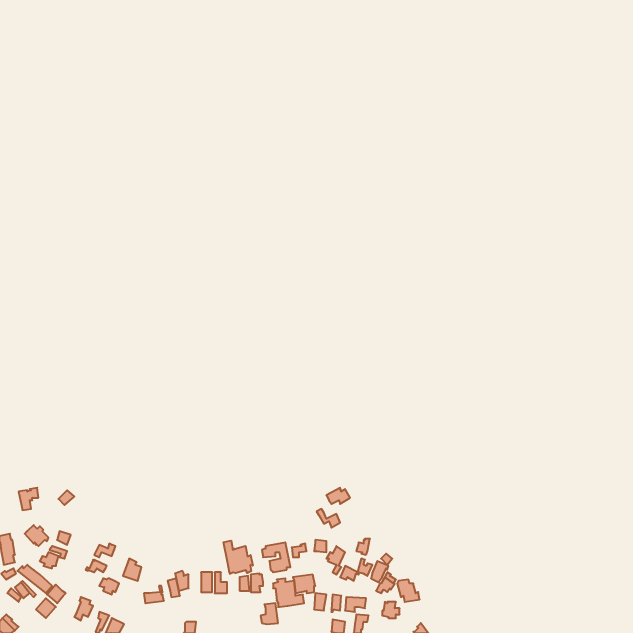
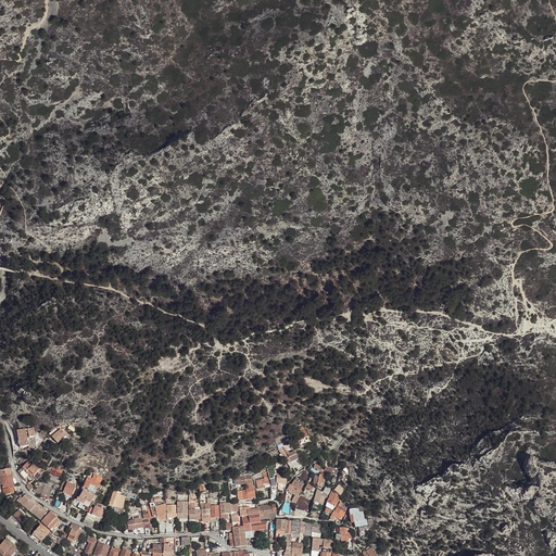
building: [223,541,253,574] -> none

